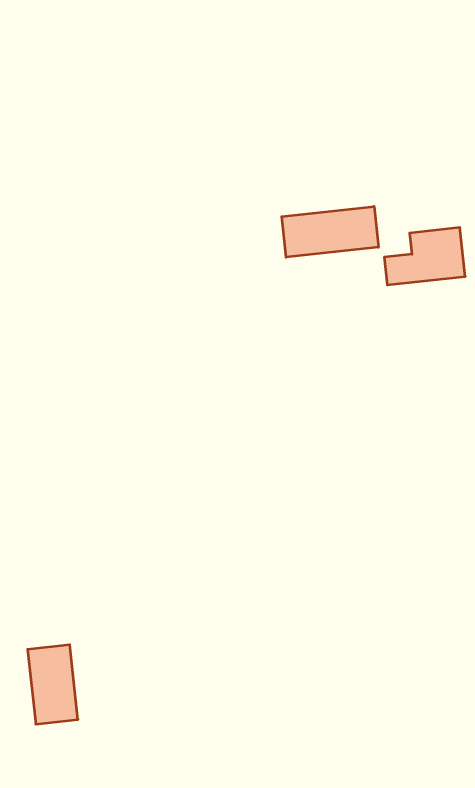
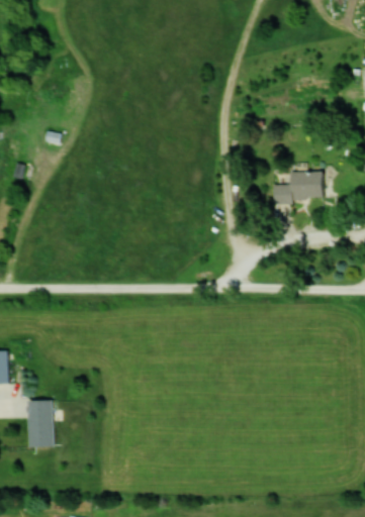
building: [282,206,378,257] -> none

